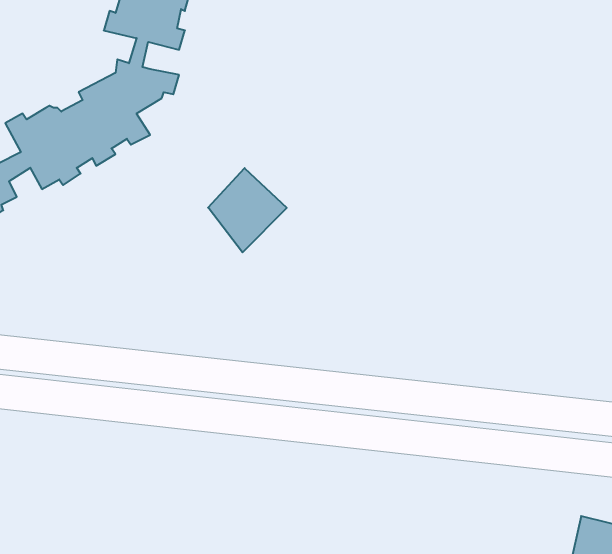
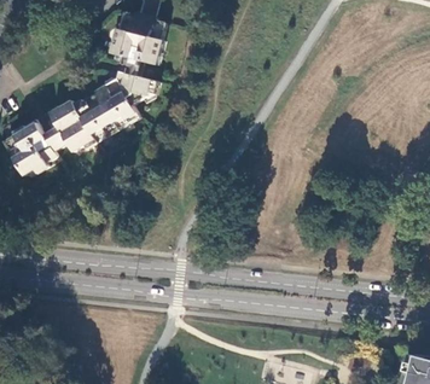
building: [208,168,287,252] -> none

